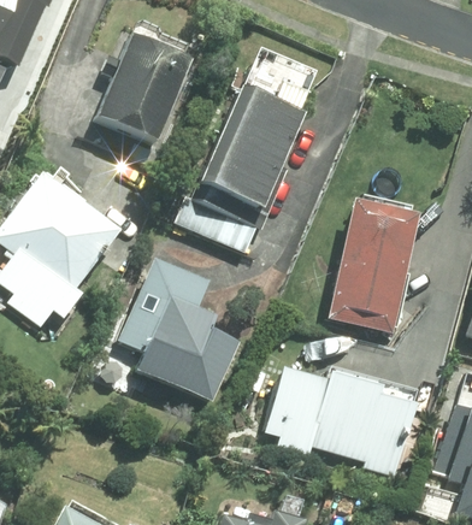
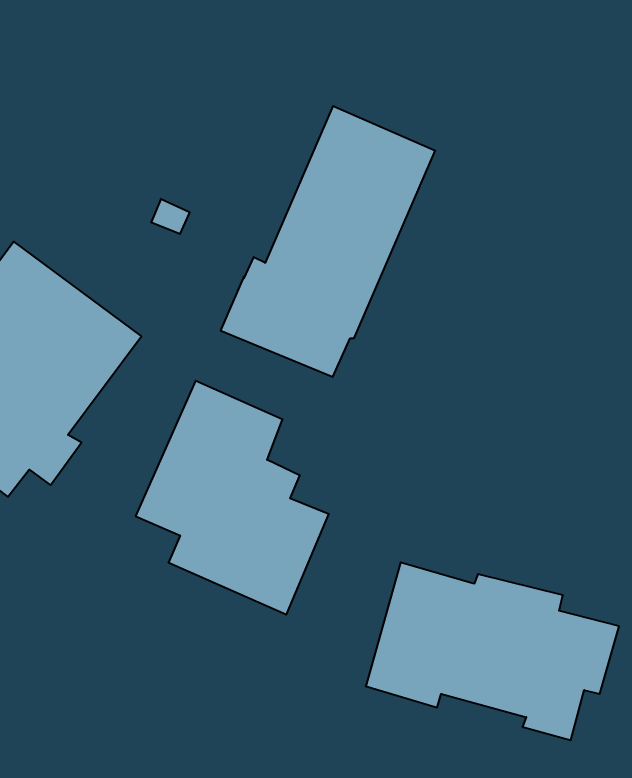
building: [93,37,184,143] -> none
building: [329,201,420,336] -> none

